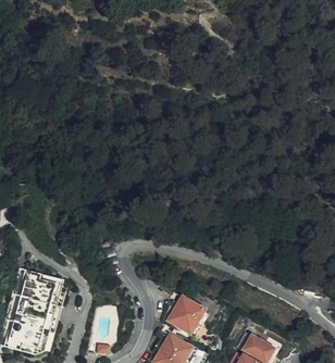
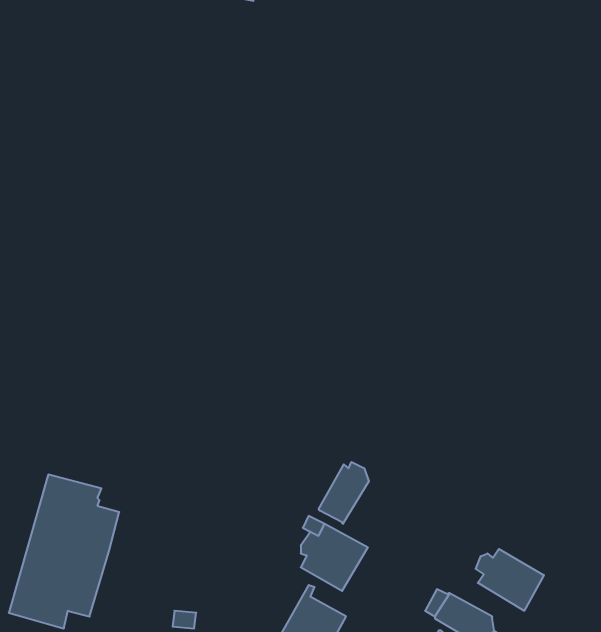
building: none -> [319,462,369,524]
building: none -> [476,549,544,611]

